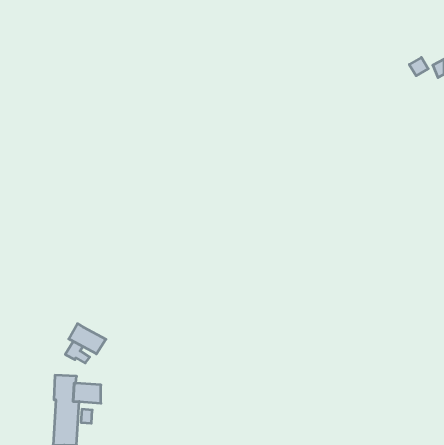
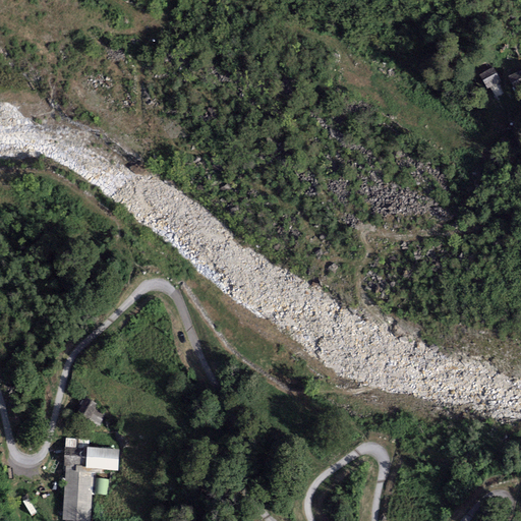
building: [69,324,106,354] -> none

